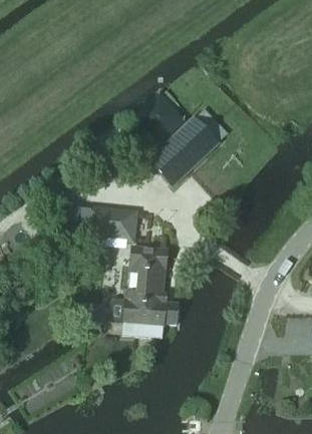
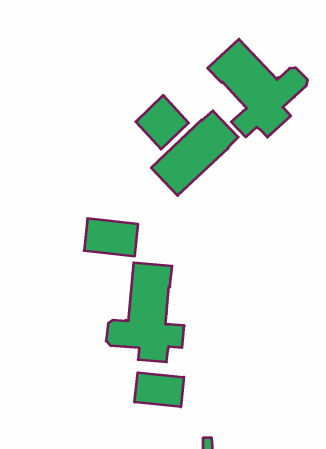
building: none -> [208,39,307,137]
building: none -> [135,373,184,407]

